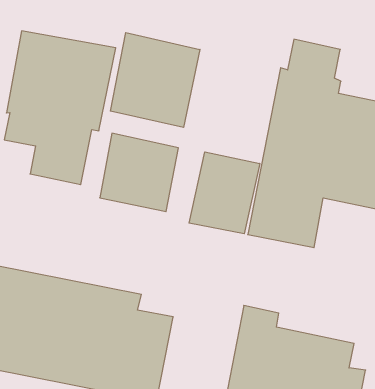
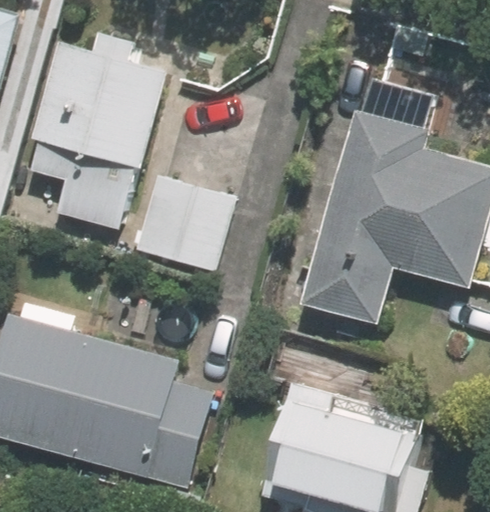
building: [110,33,200,127] -> none
building: [189,152,260,234] -> none

